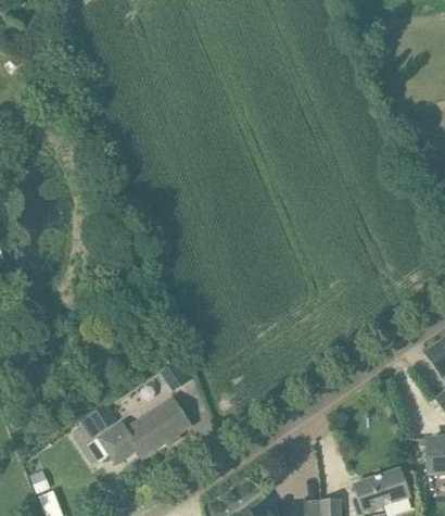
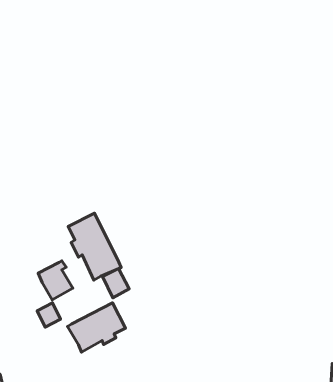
building: none -> [68,213,121,280]
building: [99,419,139,464] -> [38,261,73,300]

